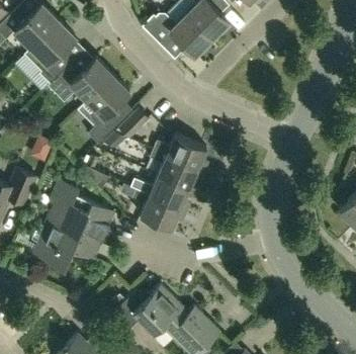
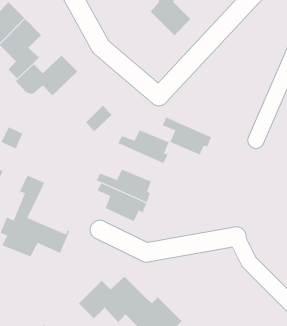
building: [142,13,211,56] -> none
building: [86,75,129,144] -> none
building: [149,149,200,188] -> [162,117,212,155]
building: [61,196,112,242] -> none

